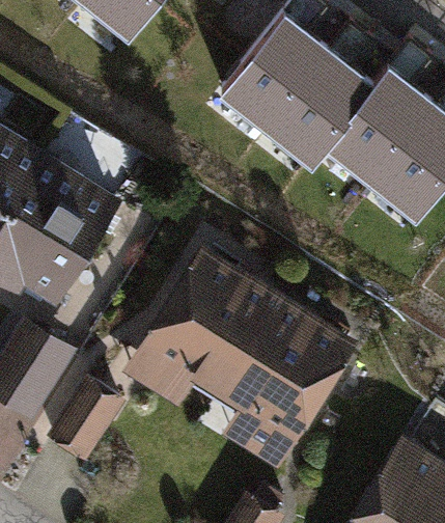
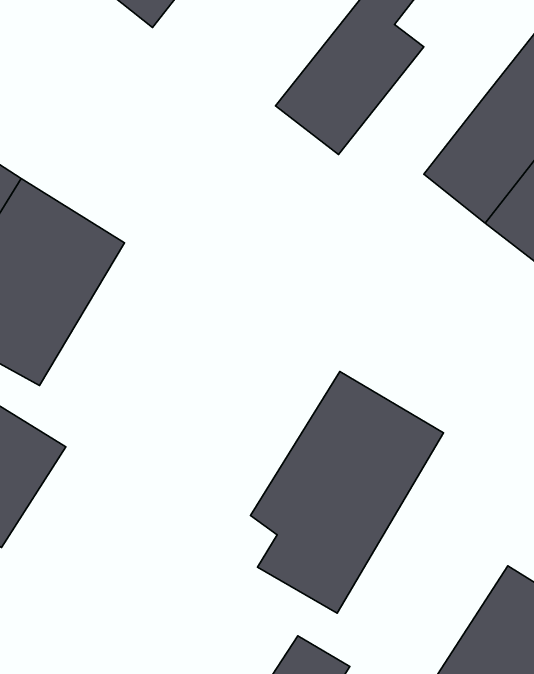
building: [273,28,382,170] -> none
building: [113,246,274,414] -> none
building: [41,376,118,464] -> none

